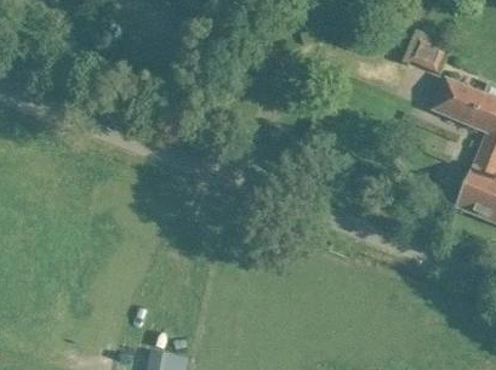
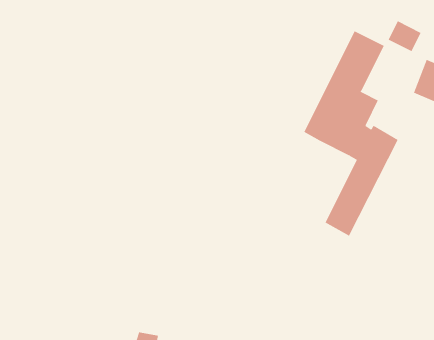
building: none -> [304,30,398,236]

